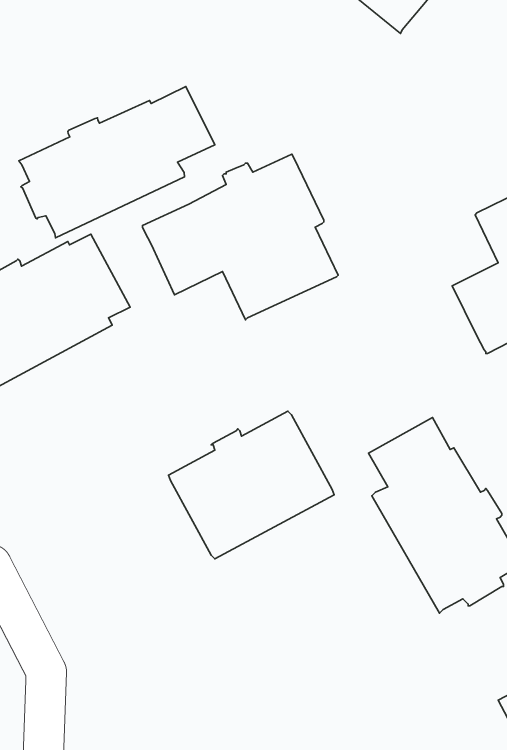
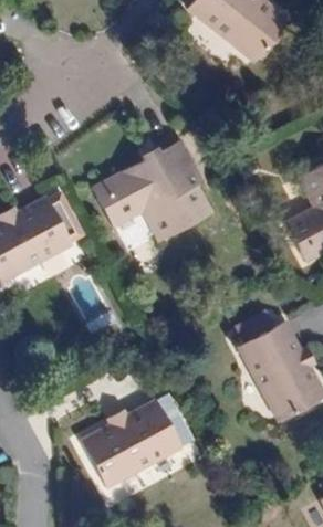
building: [19,87,215,238] -> none
building: [169,411,334,559] -> [77,398,180,489]

